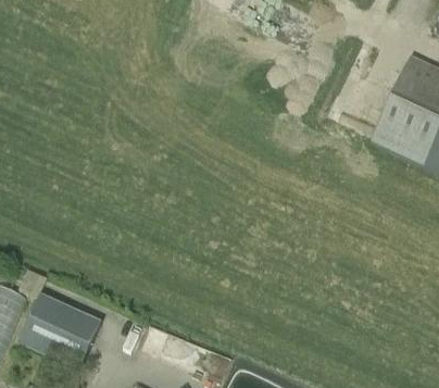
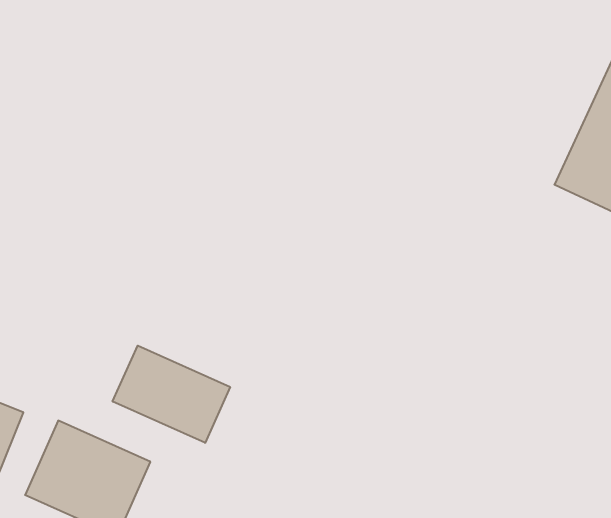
building: none -> [113,346,230,443]

